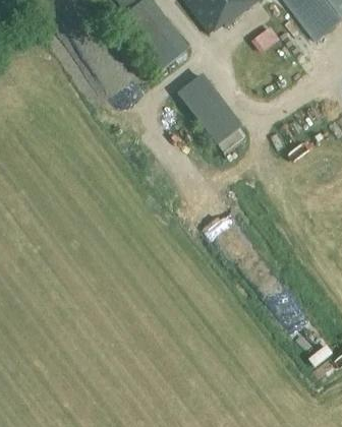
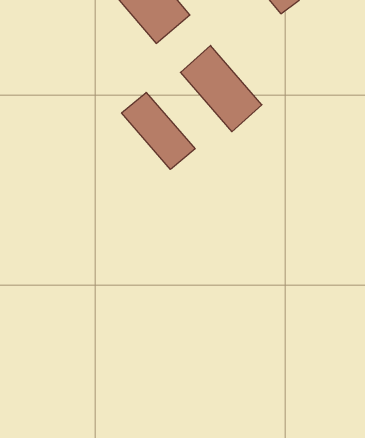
building: none -> [122,92,195,169]

